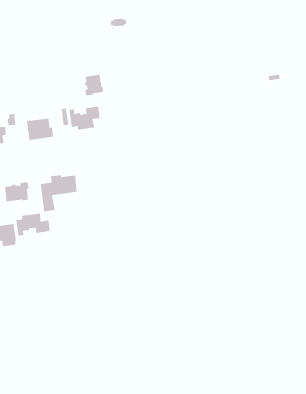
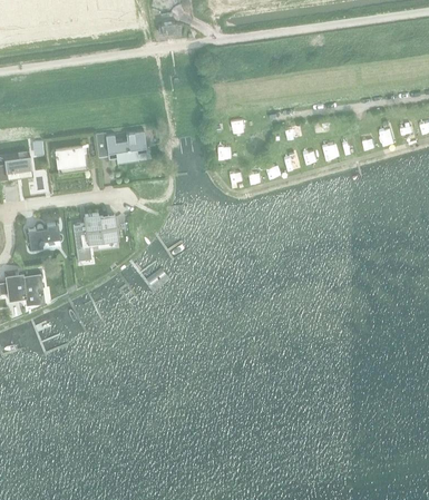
building: [84,74,104,96] -> none
building: [16,213,51,237] -> none

